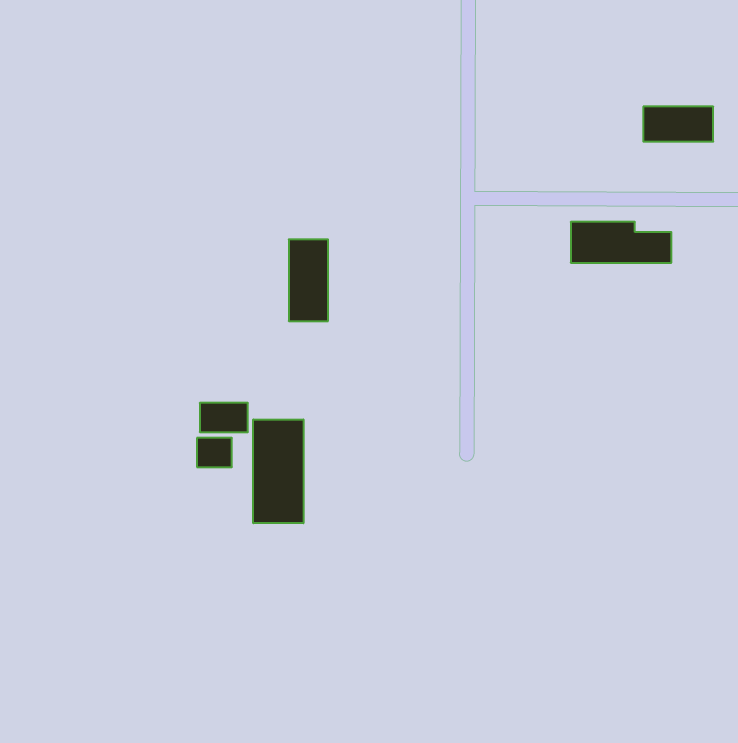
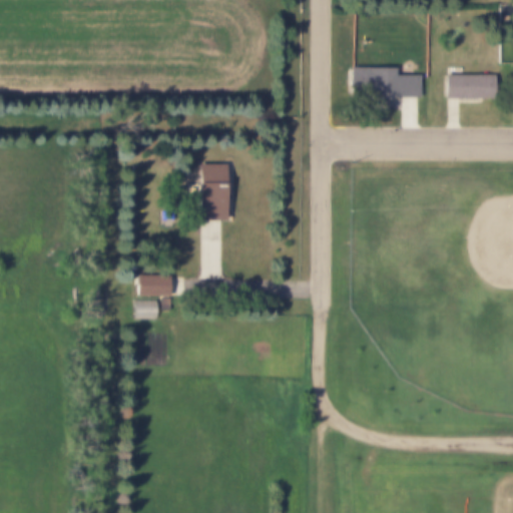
building: [571,222,671,263] -> [352,66,421,94]
building: [253,419,303,523] -> none

